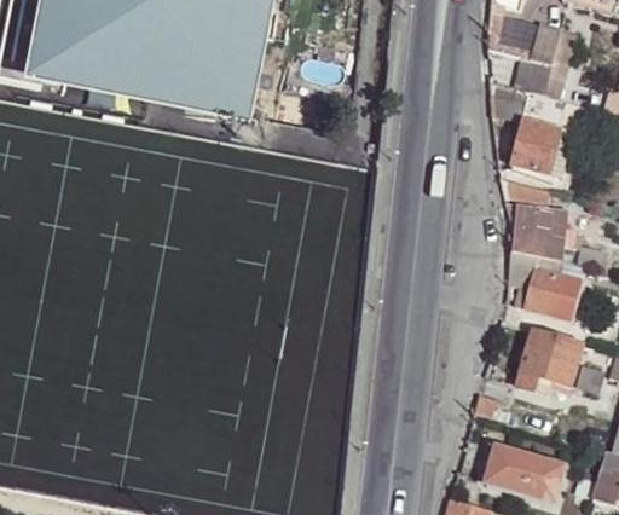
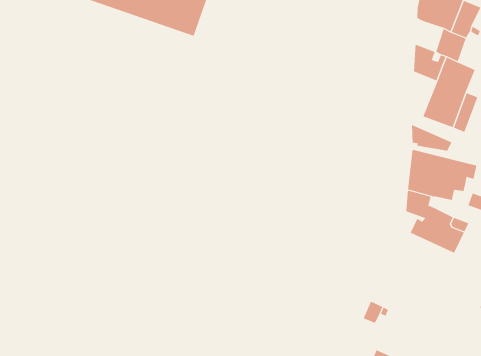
building: [519,331,583,395] -> none

